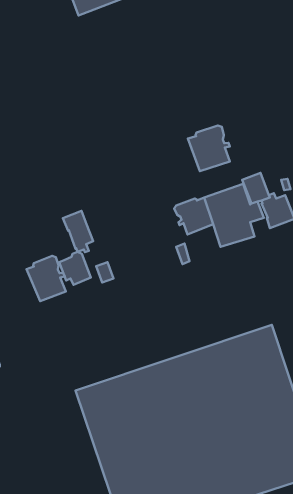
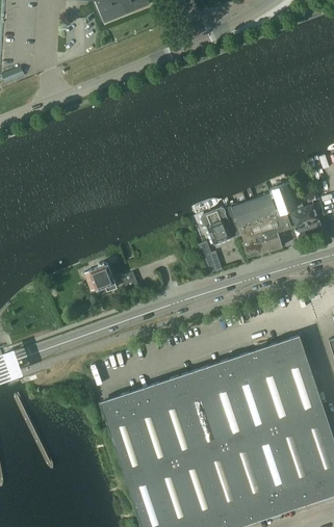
building: [188,125,230,171] -> none
building: [63,211,93,252] -> none
building: [26,256,66,301] -> none

